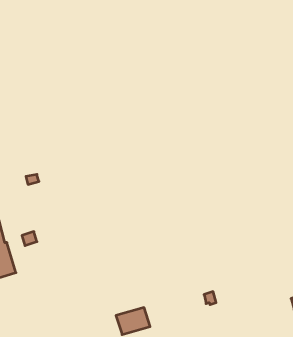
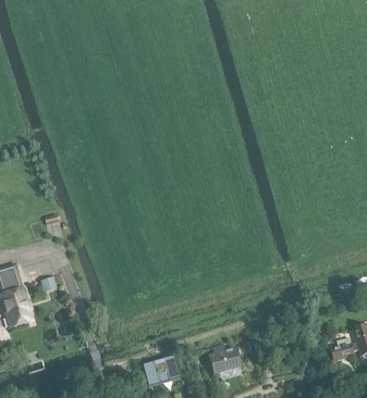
building: none -> [208,343,240,372]

